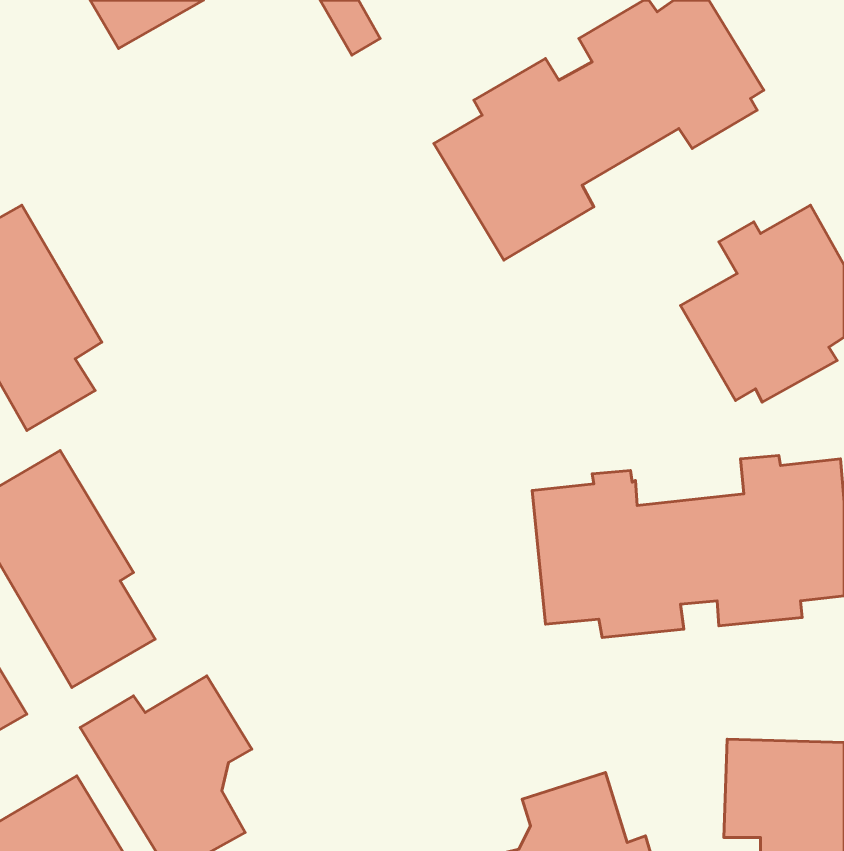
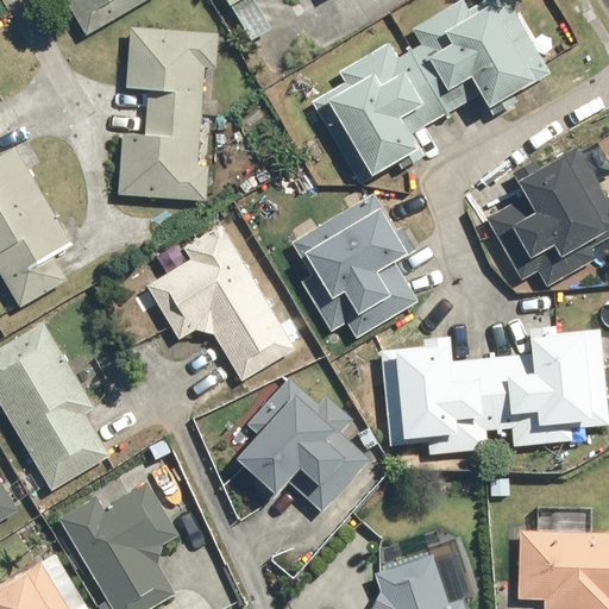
building: none -> [118,26,220,201]
building: none -> [291,192,417,338]
building: none -> [145,225,296,382]
building: none -> [236,377,371,513]

